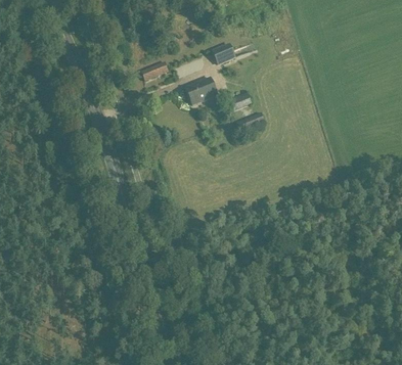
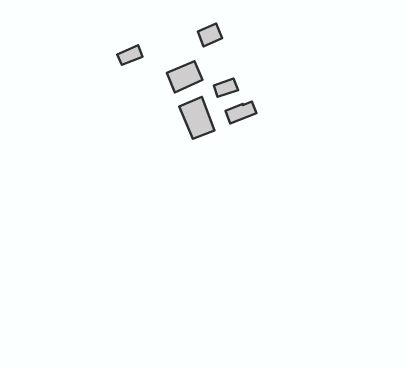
building: none -> [179,97,215,139]

